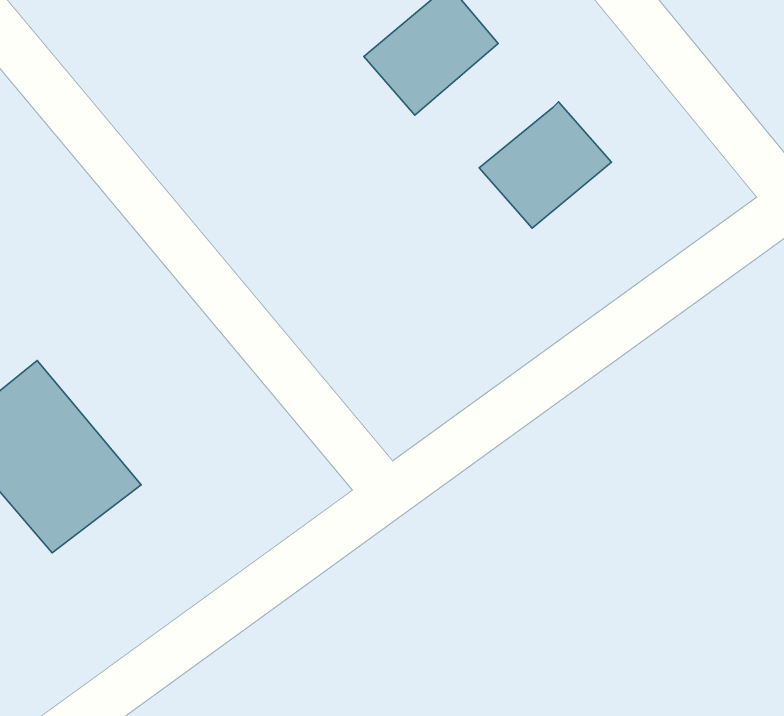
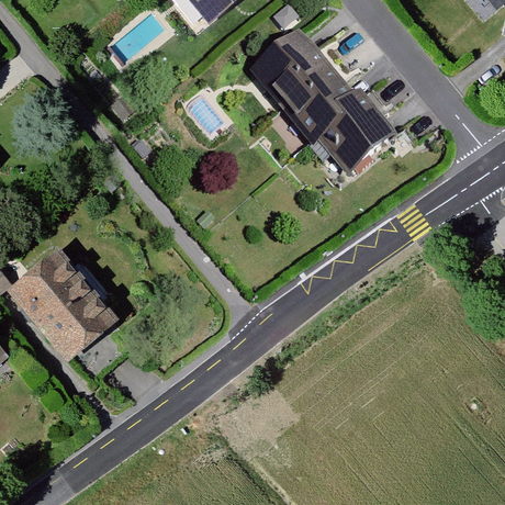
building: none -> [277,64,357,142]

